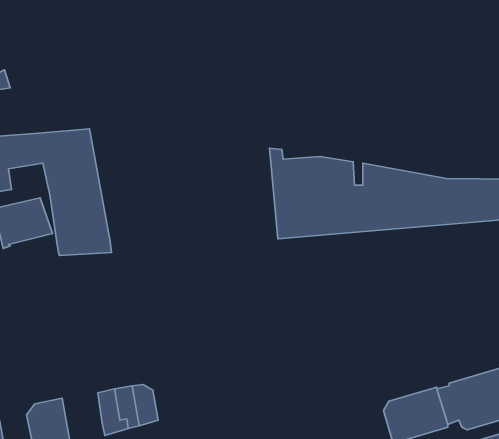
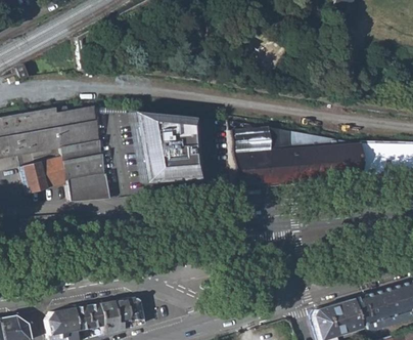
building: none -> [131,114,197,182]
building: none -> [34,132,62,152]
building: none -> [74,303,103,331]

